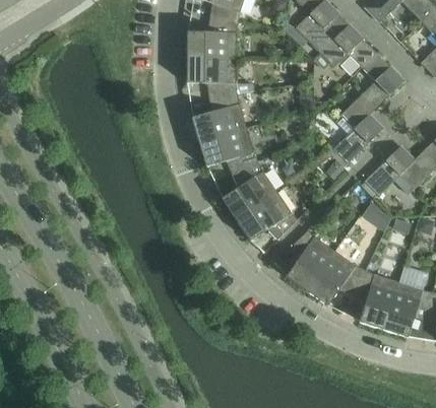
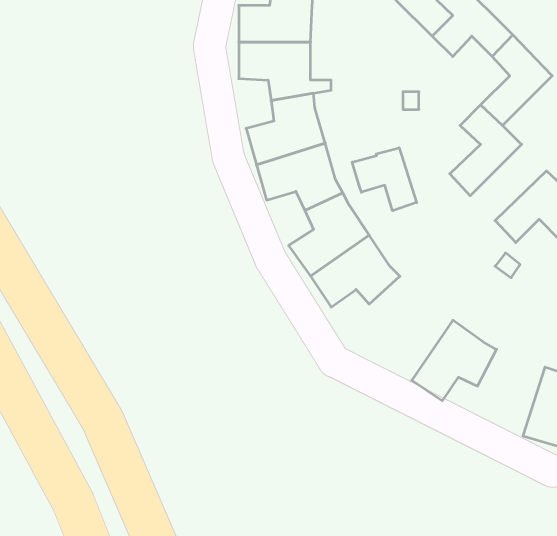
building: none -> [352,148,417,211]
building: [285,228,334,291] -> none
building: [352,270,398,330] -> none

